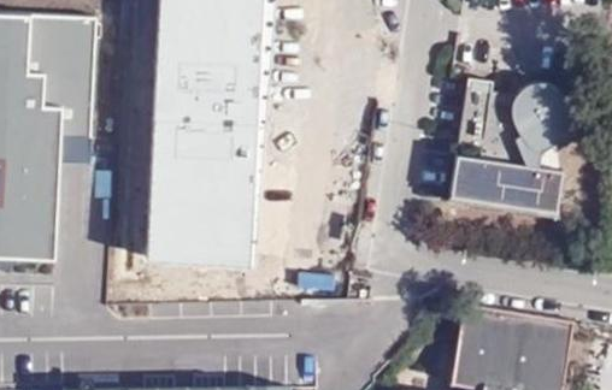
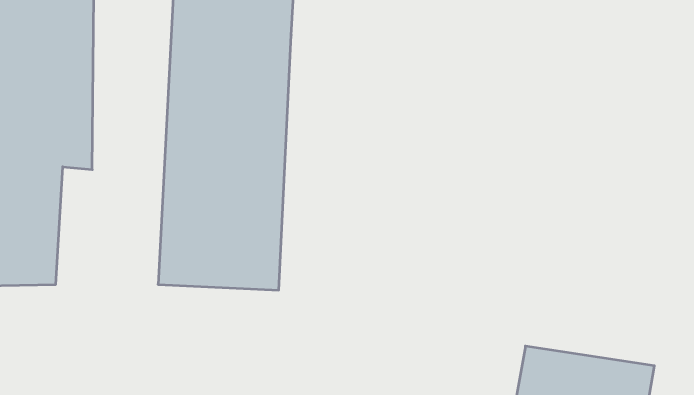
building: [445,75,577,209] -> none

